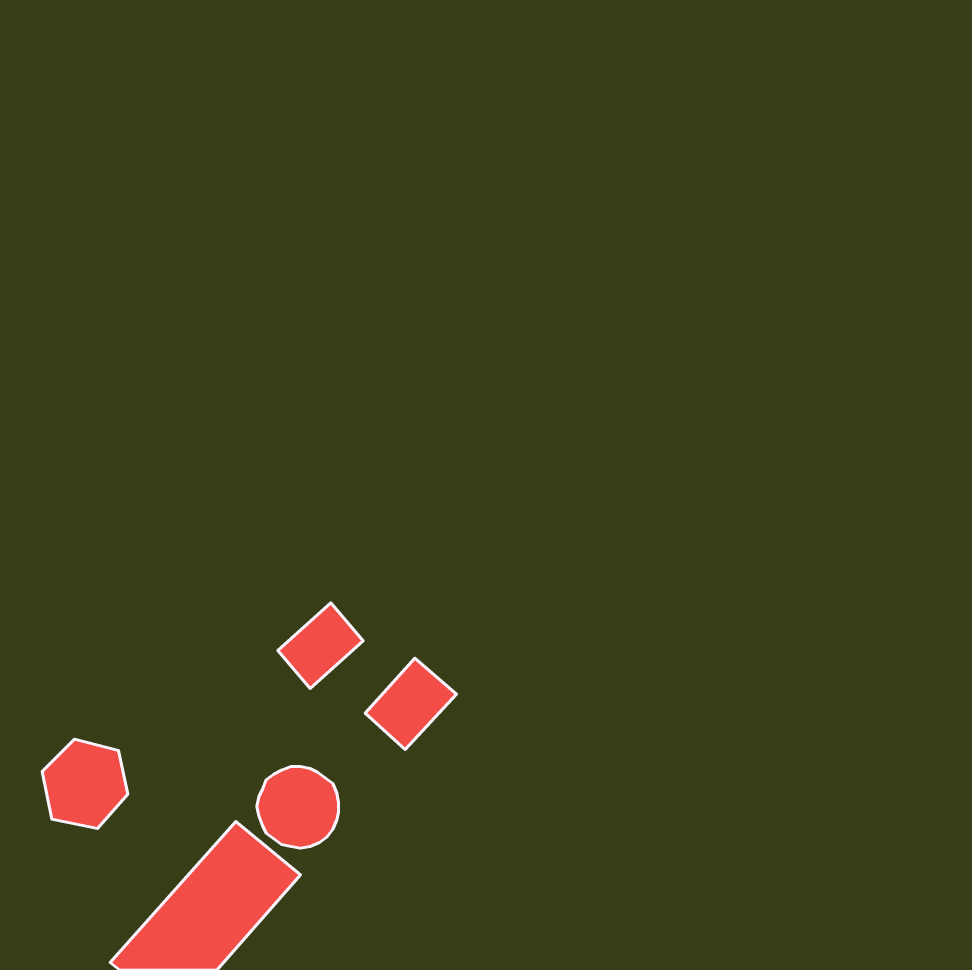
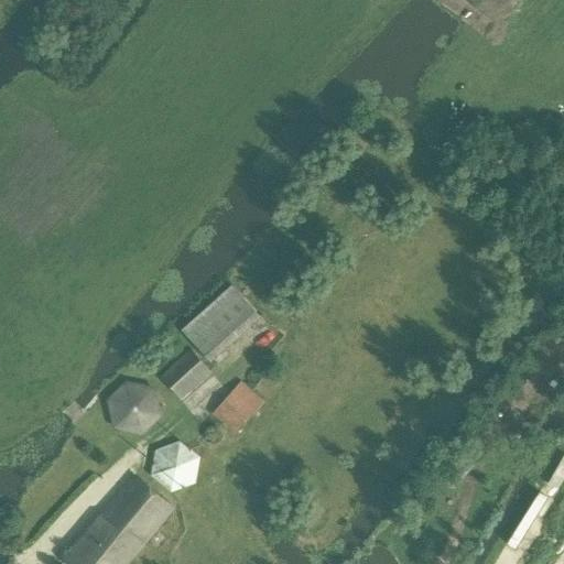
building: none -> [181,284,260,362]
building: [42,739,128,829] -> [109,381,159,433]

